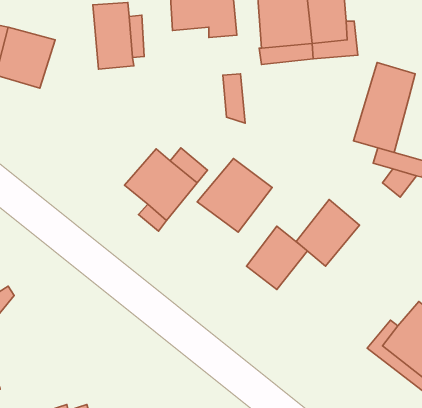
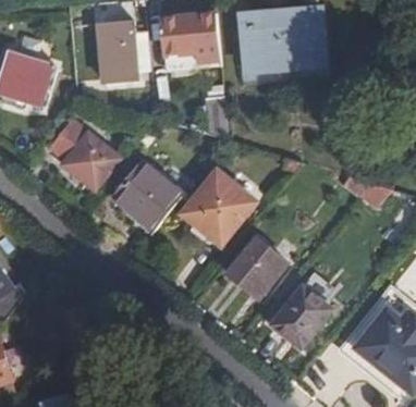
building: [354,63,415,152] -> none
building: none -> [52,121,121,189]
building: [296,199,360,266] -> [274,282,333,344]

